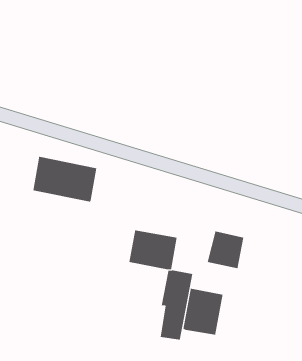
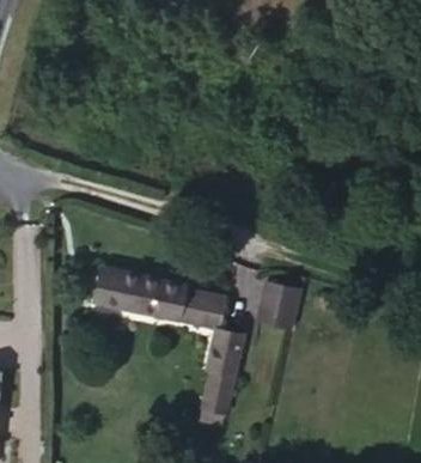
building: [33,156,97,202] -> [97,280,176,336]
building: [183,288,223,335] -> none

